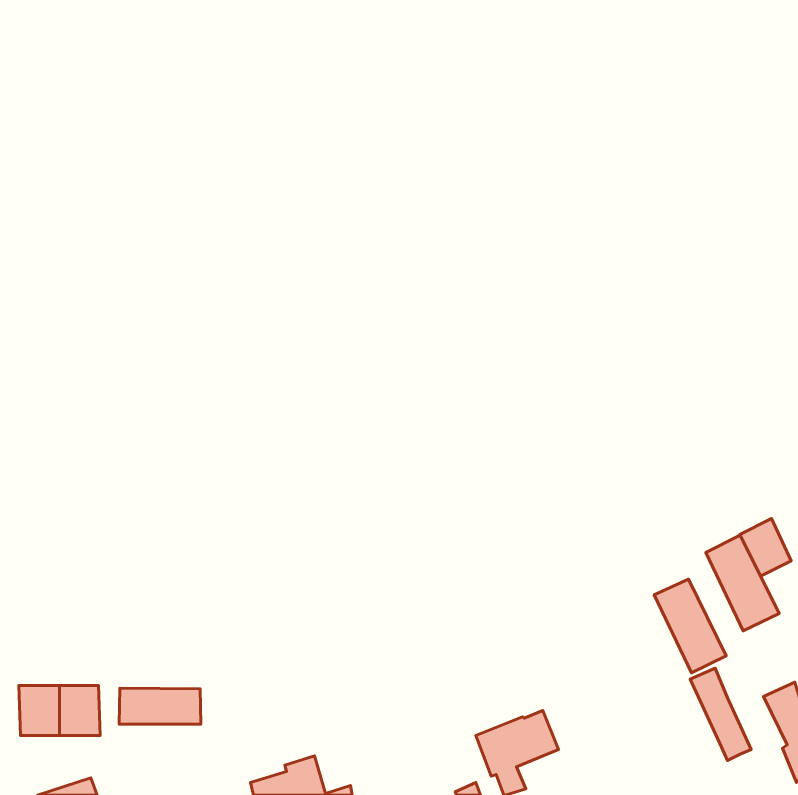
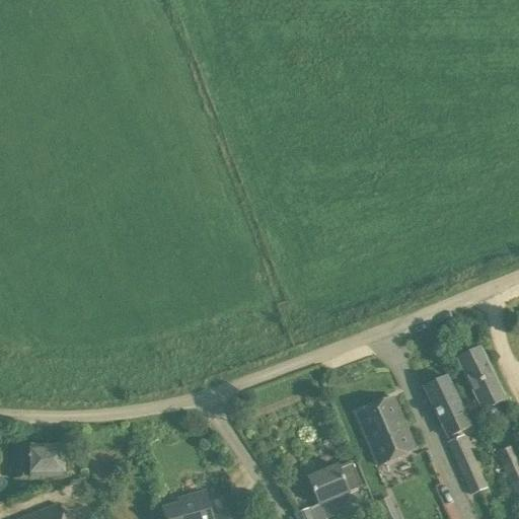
building: [740,519,791,576] -> none
building: none -> [356,394,416,462]
building: [119,688,201,724] -> none

